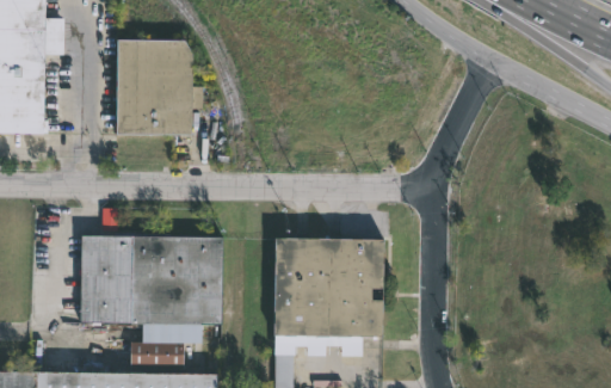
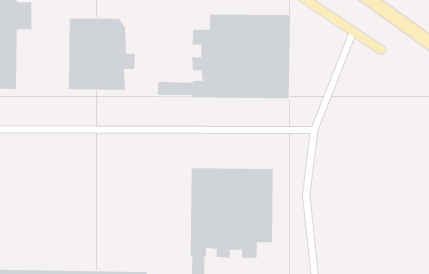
building: none -> [157,14,290,99]
building: [80,235,223,369] -> none

